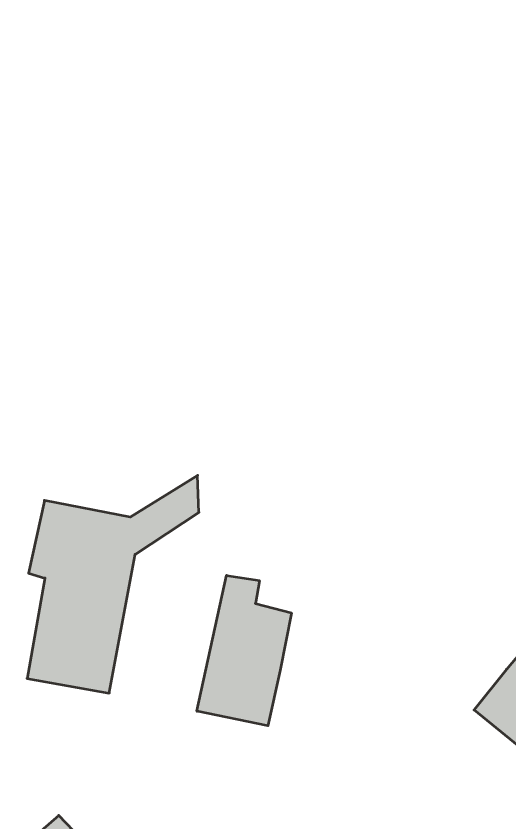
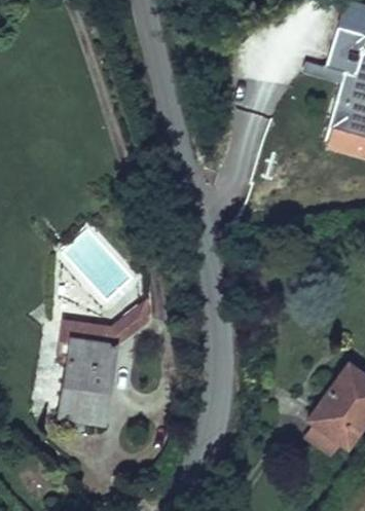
building: [197,575,291,726] -> none

